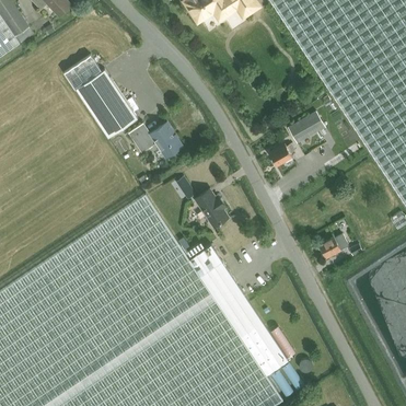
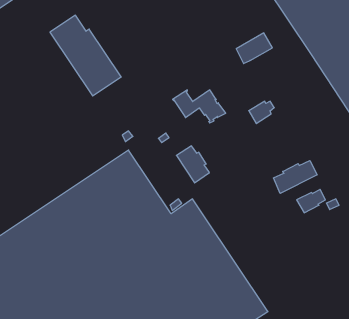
building: [289,112,326,143] -> [236,33,272,64]
building: [128,123,183,156] -> [173,90,226,123]
building: none -> [274,161,317,193]

